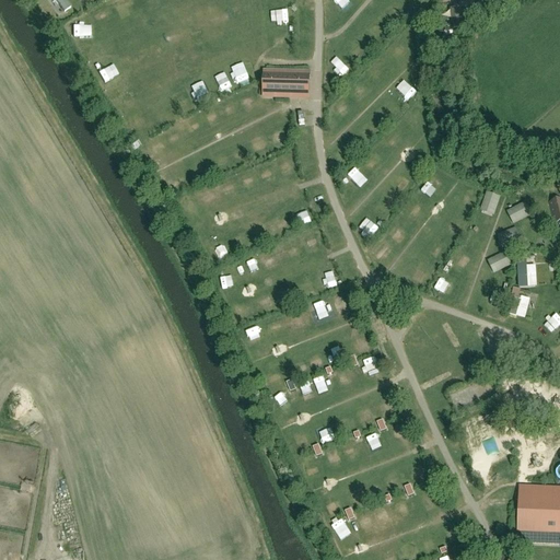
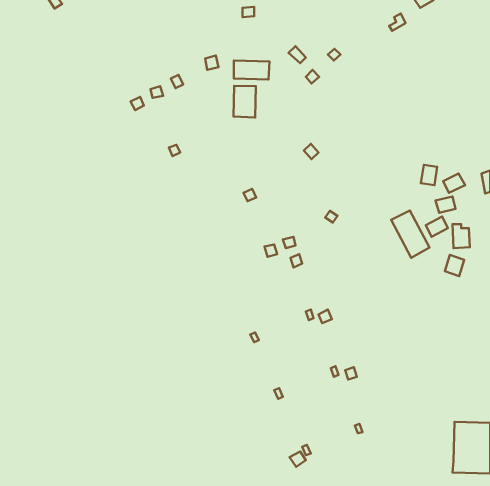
building: none -> [233,86,256,118]
building: none -> [391,210,430,258]

